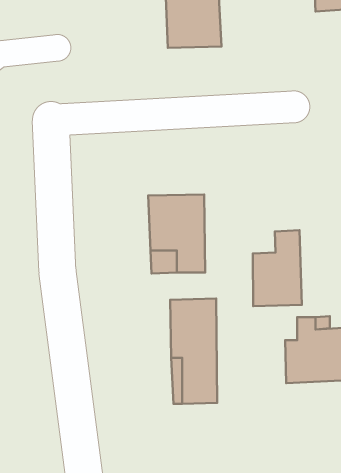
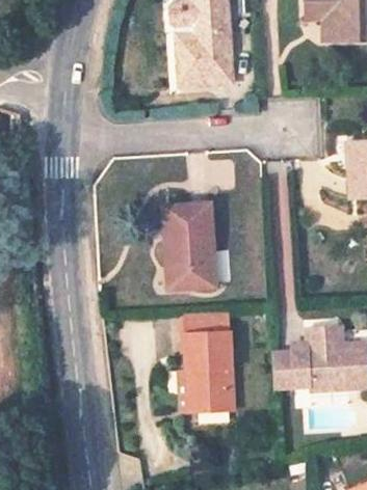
building: [253,230,302,306] -> none
building: none -> [270,353,293,394]

